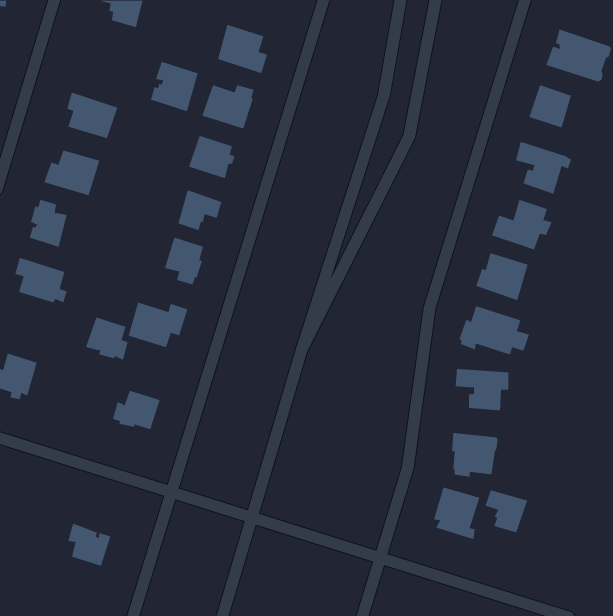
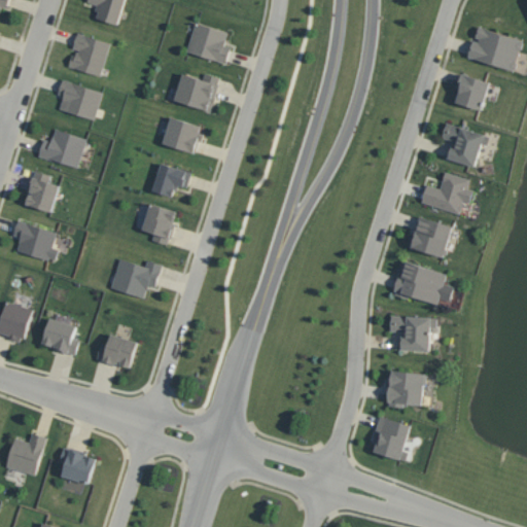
building: [150,61,198,112] -> [67,33,108,76]
building: [85,317,128,360] -> [40,318,77,355]
building: [485,490,528,533] -> none
building: none -> [5,432,45,475]

